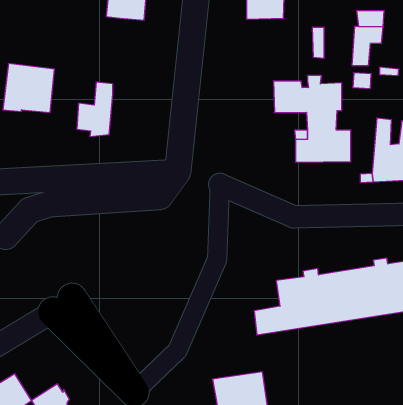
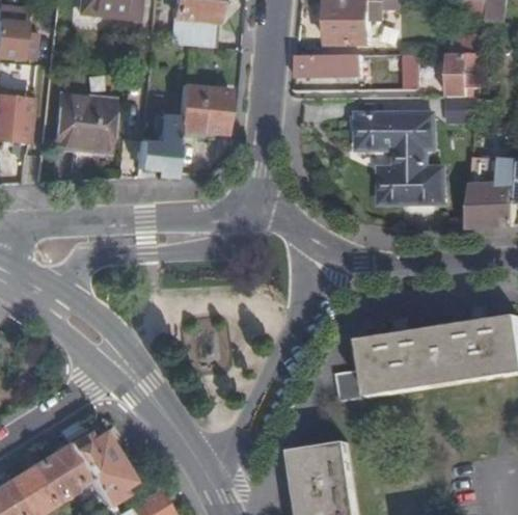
building: none -> [295,55,361,78]
building: none -> [179,85,229,133]
building: none -> [69,431,116,473]

